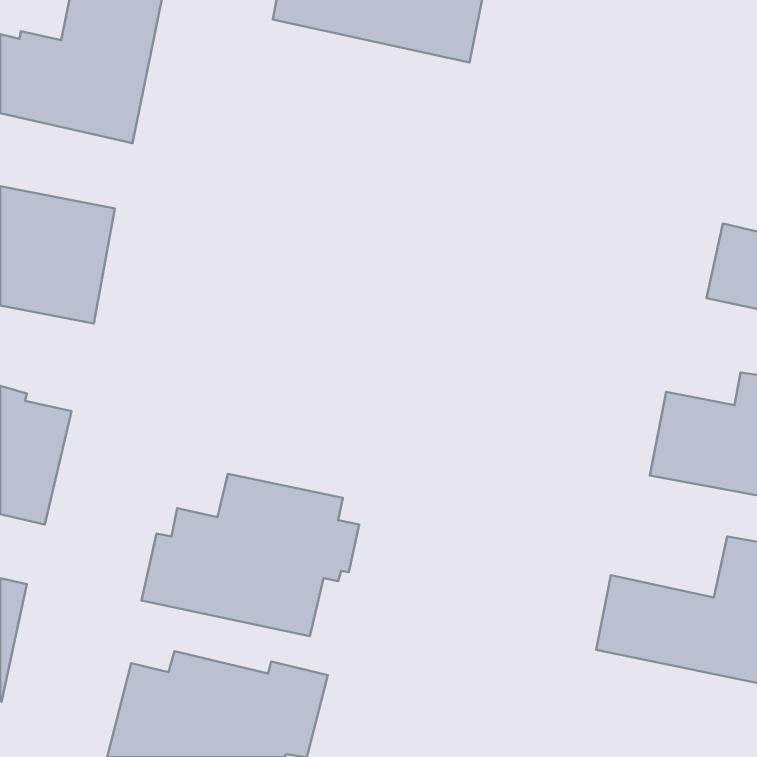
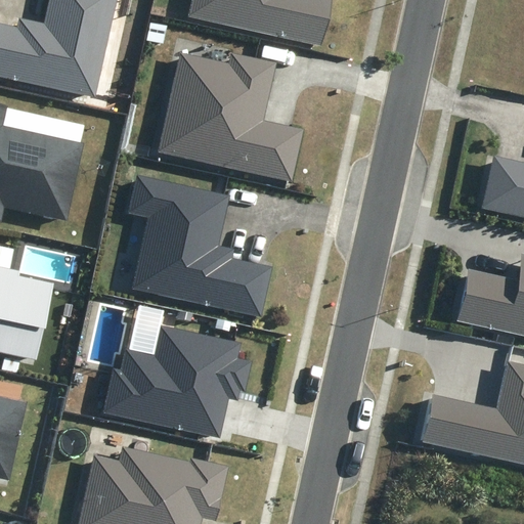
building: none -> [159,53,303,180]
building: none -> [123,173,271,317]

